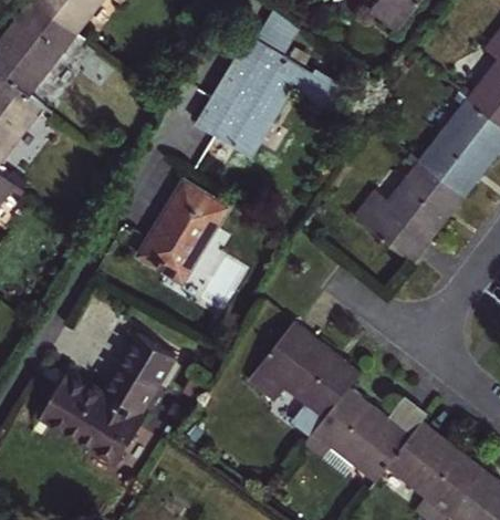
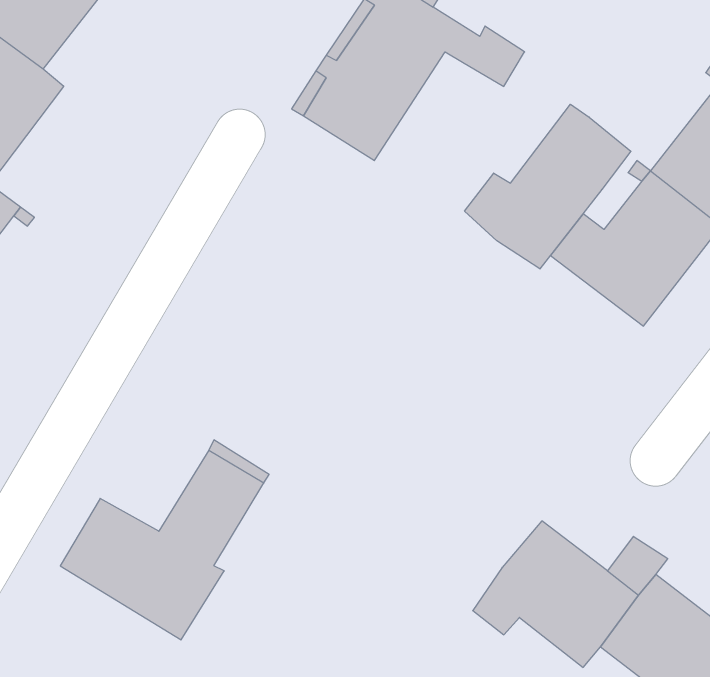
building: none -> [465,104,631,269]
building: [138,181,227,277] -> none
building: [249,320,361,416] -> none

